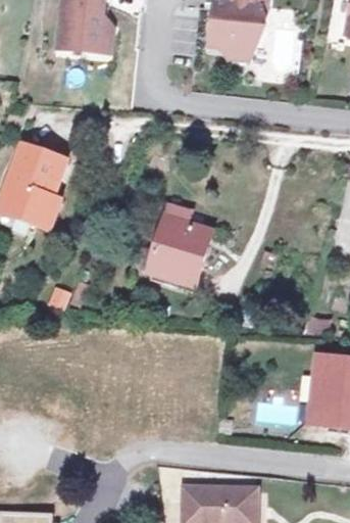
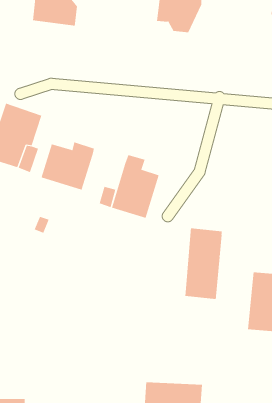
building: none -> [41,142,95,190]
building: none -> [185,227,222,300]

